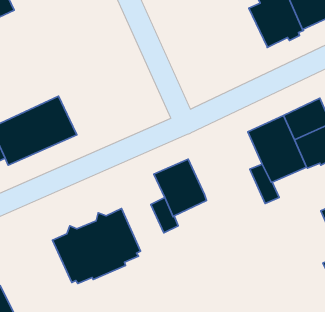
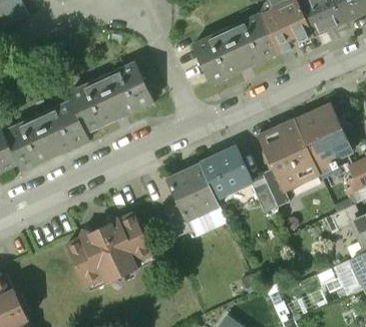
building: none -> [193,14,278,83]
building: none -> [68,63,152,131]
building: none -> [200,146,252,199]

